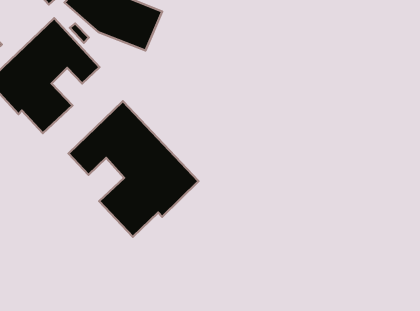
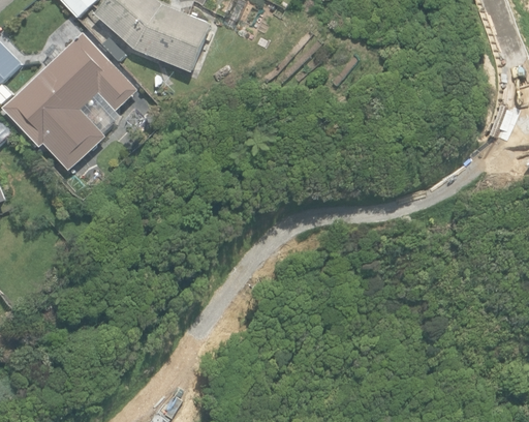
building: [68,101,199,237] -> none

